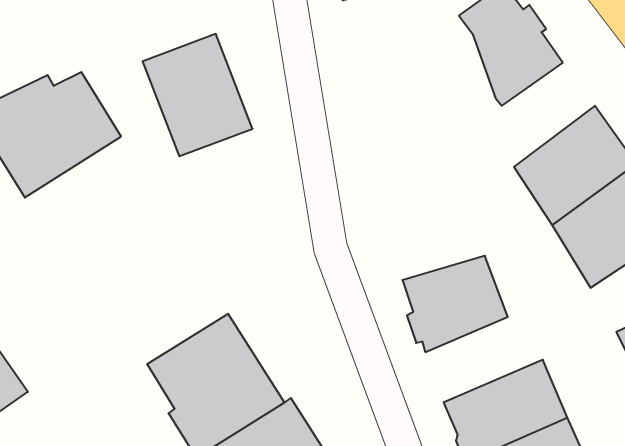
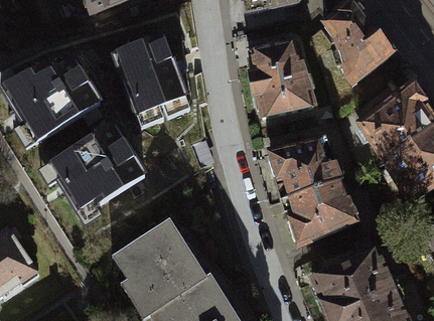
building: none -> [249,42,315,117]
building: none -> [49,124,146,211]
building: none -> [268,139,339,197]

